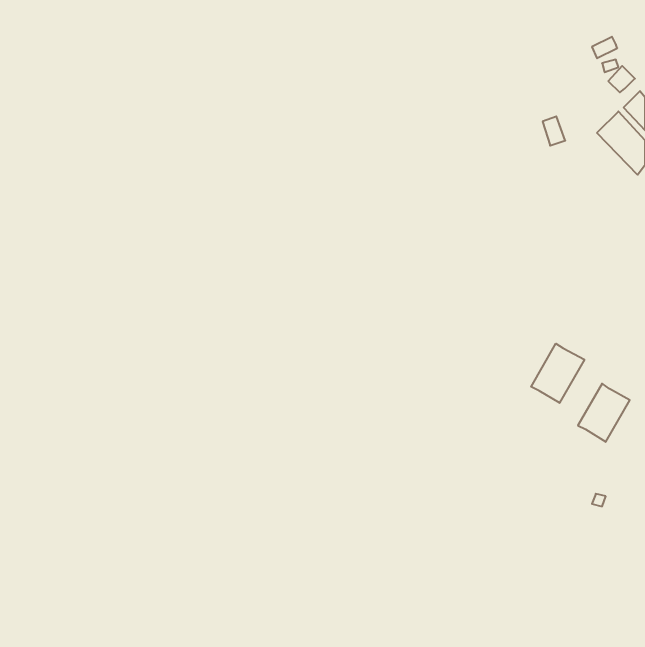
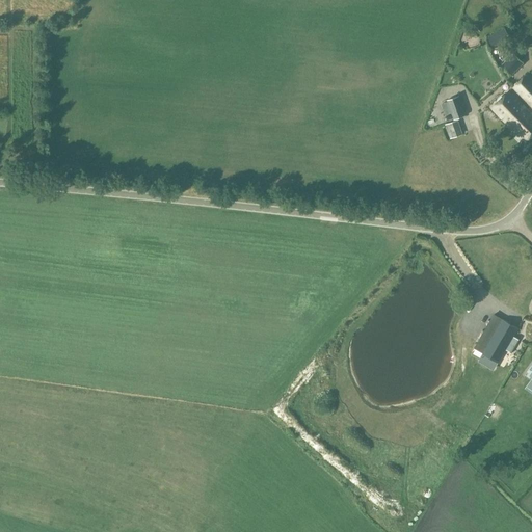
building: [531,344,584,403] -> none

